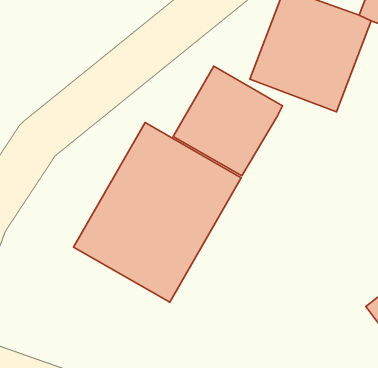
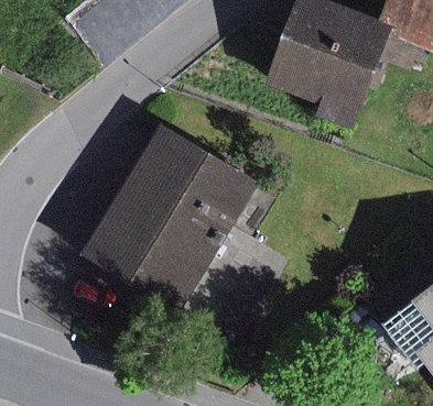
building: [173,66,283,176] -> none

